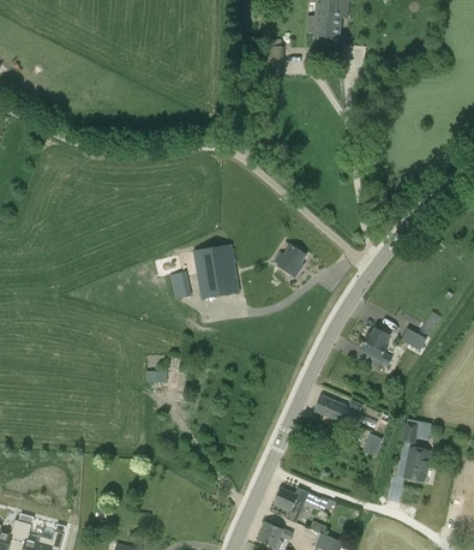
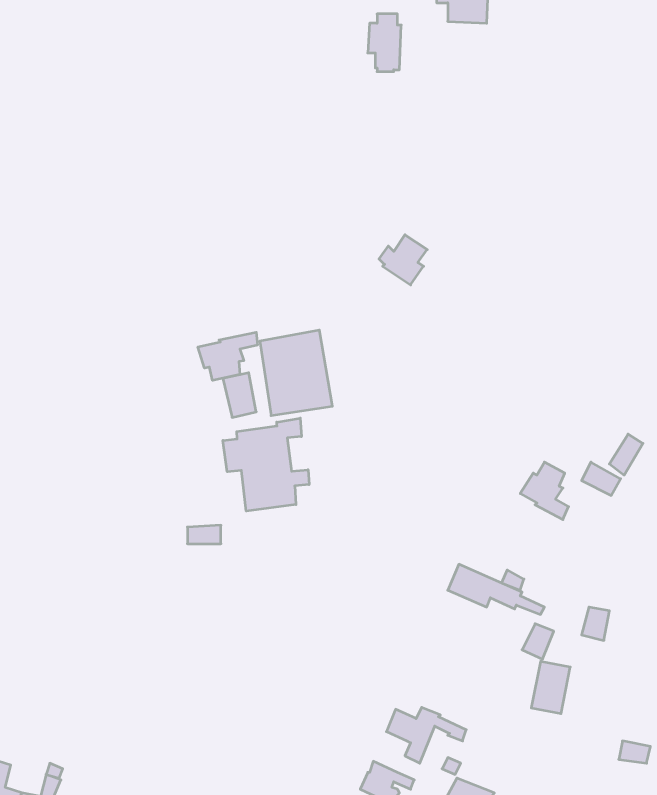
building: [275,244,306,276] -> [379,235,427,285]
building: none -> [198,332,257,380]
building: none -> [223,418,309,511]
building: [404,447,430,480] -> [531,661,570,714]

